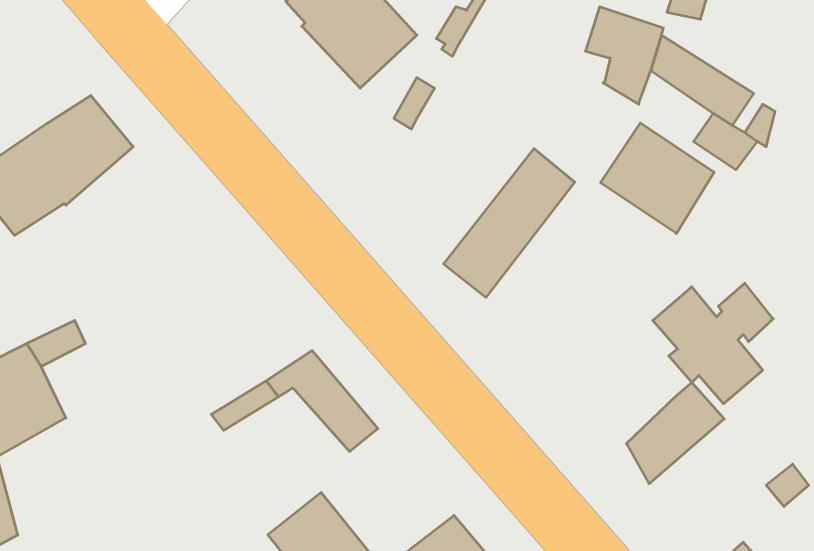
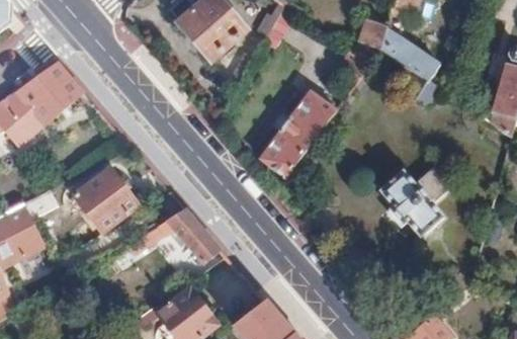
building: [601,123,714,234] -> none
building: none -> [76,169,141,233]
building: [626,383,724,484] -> none

